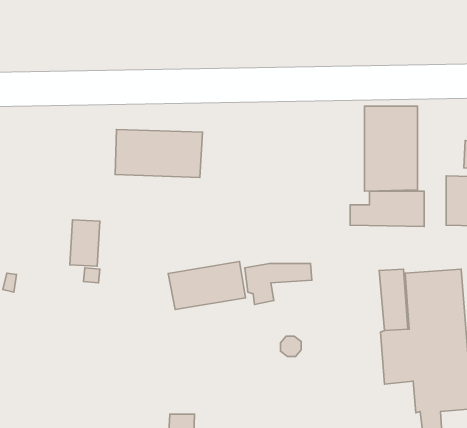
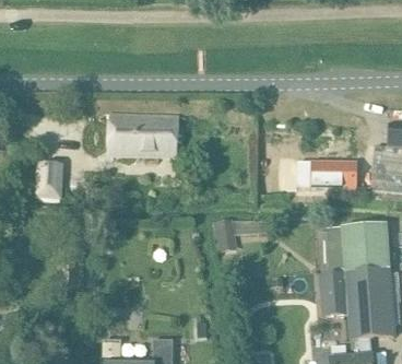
building: [365,106,417,191] -> none
building: [70,220,100,266] -> [37,164,61,201]
building: [168,262,246,309] -> none

